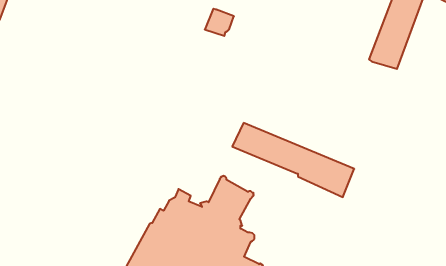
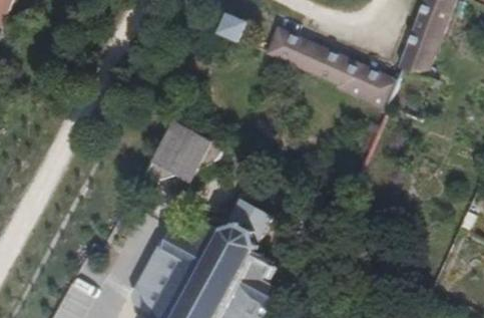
building: none -> [141,117,227,187]
building: [232,123,354,197] -> [264,29,394,108]

